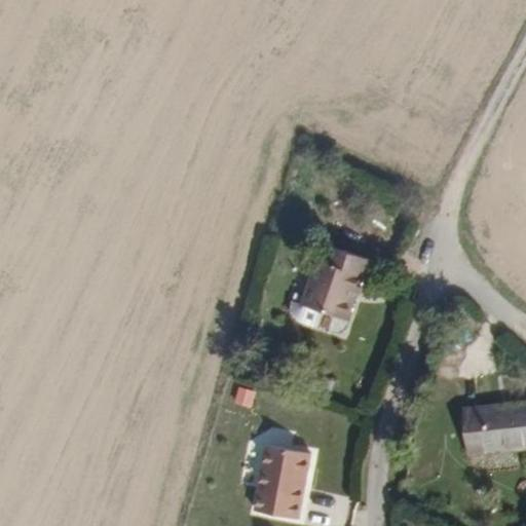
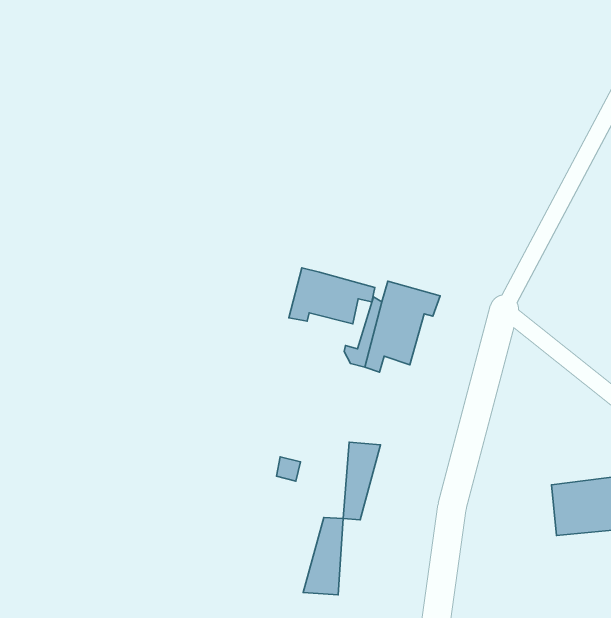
building: none -> [289,268,375,324]
building: [250,438,281,503] -> [343,442,381,520]

